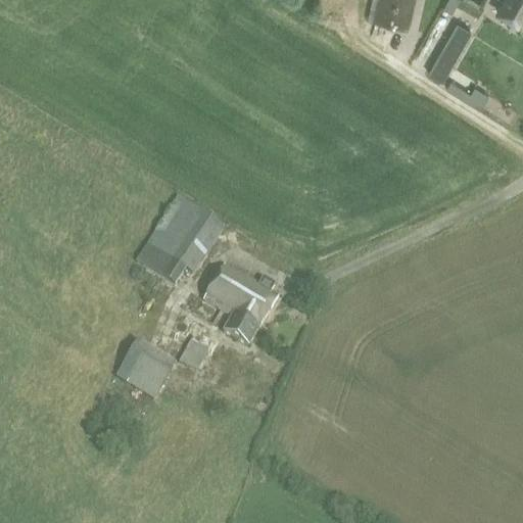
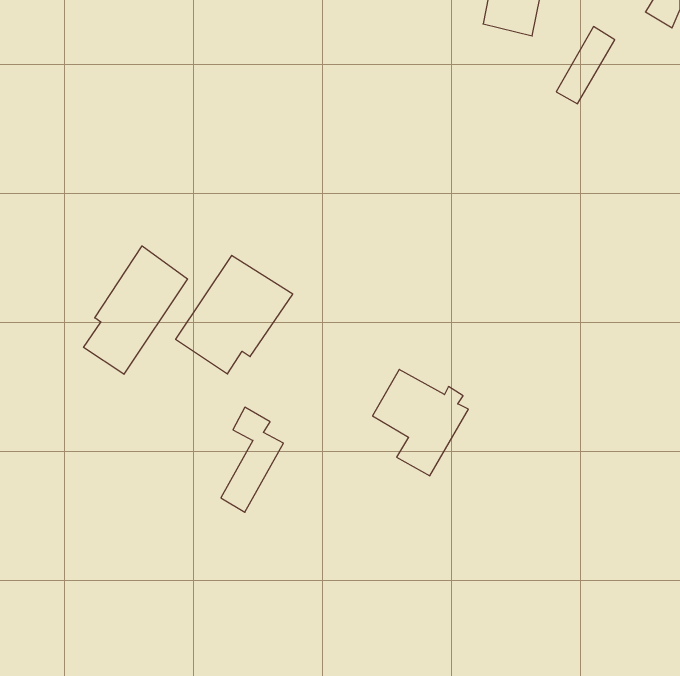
building: none -> [84,246,188,374]
building: [204,264,278,345] -> [373,369,468,476]
building: [118,341,175,396] -> none

